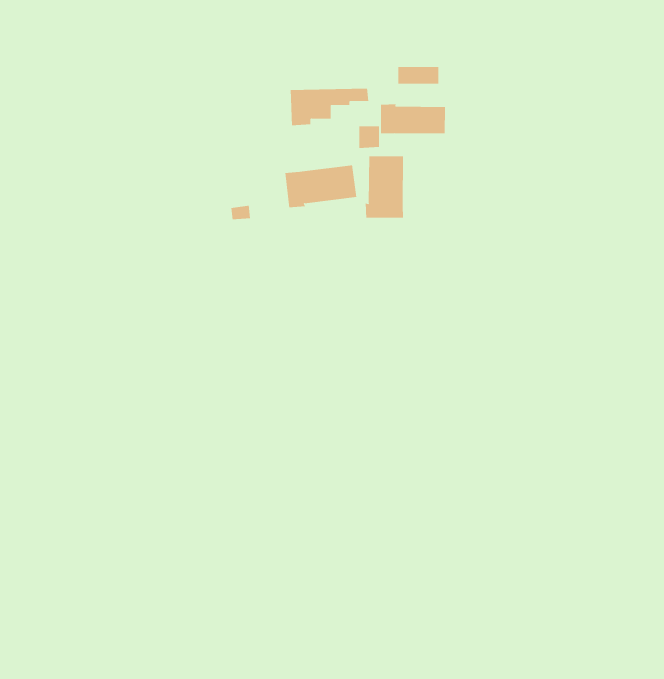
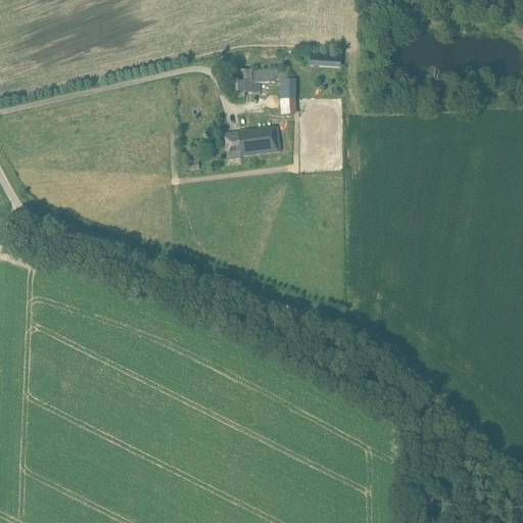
building: [380,104,446,134] -> none
building: [365,156,404,218] -> none

